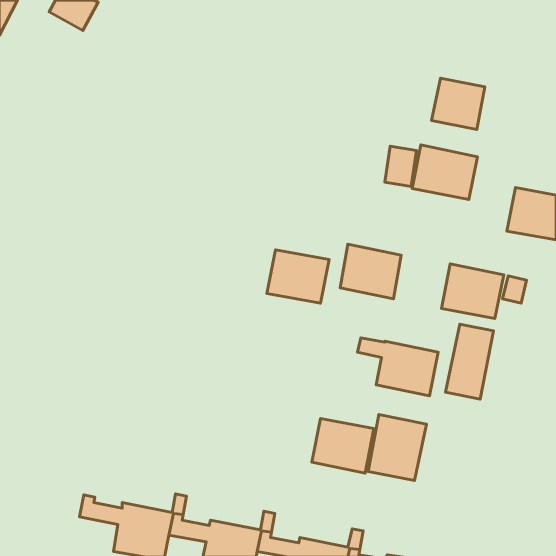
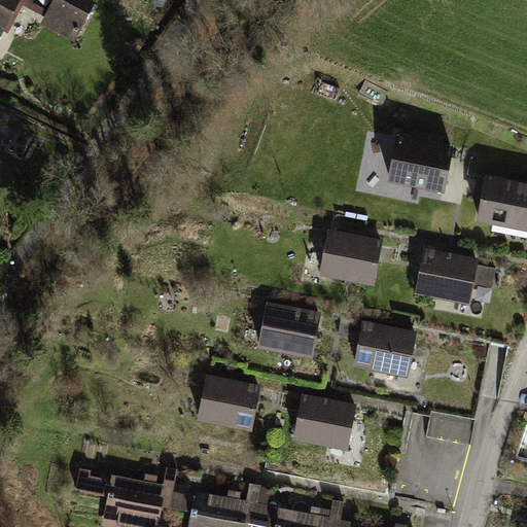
building: [431,78,485,130] -> none
building: [267,250,329,303] -> [259,305,318,355]
building: [446,324,494,399] -> none
building: none -> [199,378,257,428]
building: [368,415,427,481] -> none

